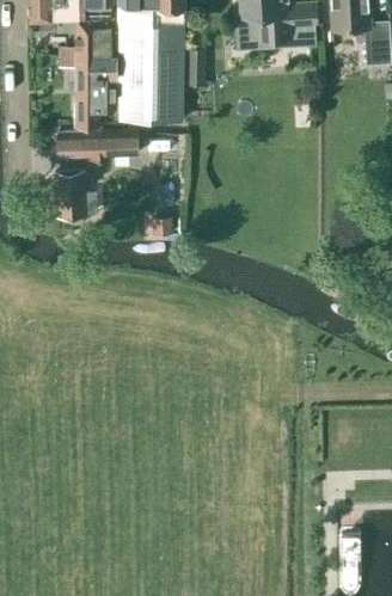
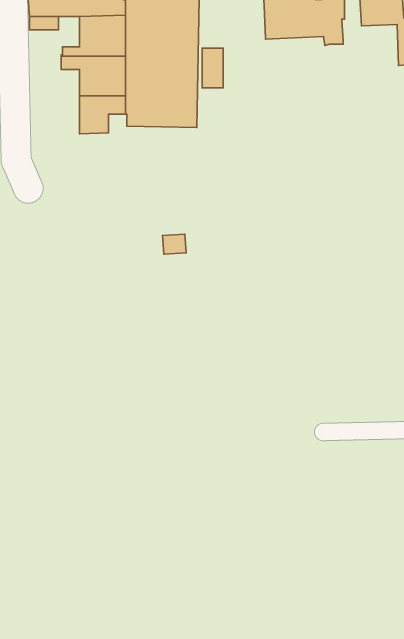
building: [57,130,139,158] -> none
building: [54,172,86,217] -> none

